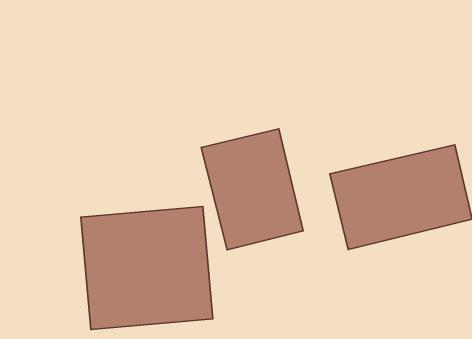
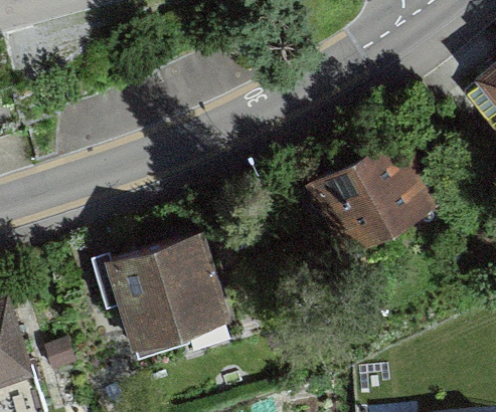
building: [201,129,303,250] -> none

